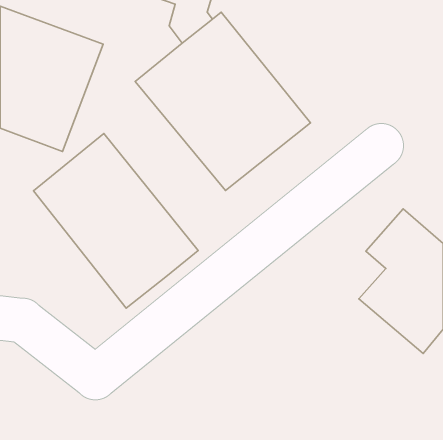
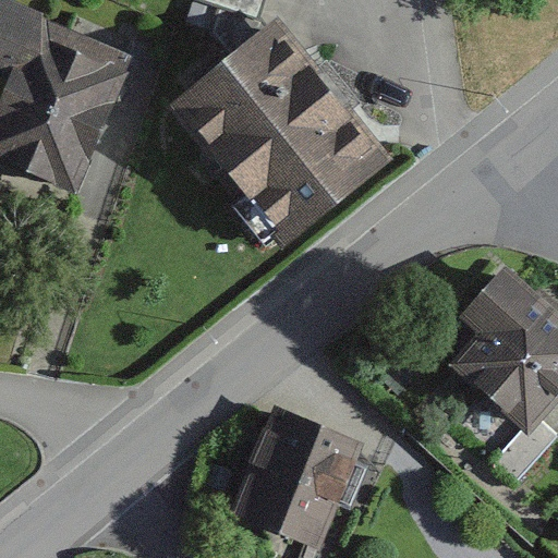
building: [34,134,198,308] -> none
building: none -> [229,411,359,548]

